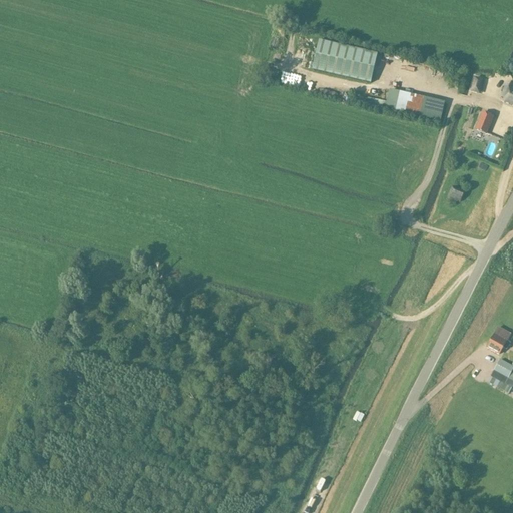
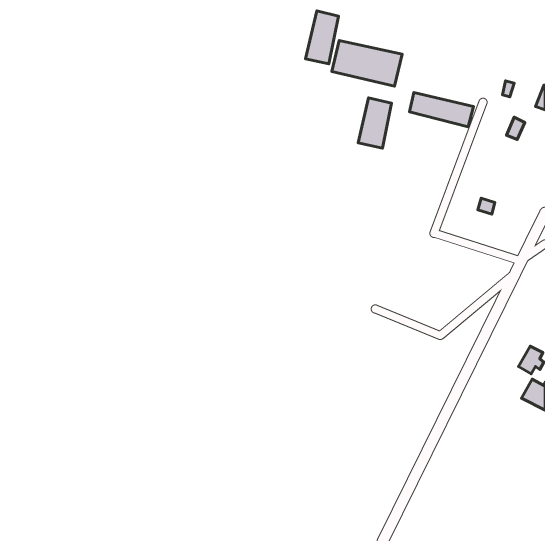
building: none -> [305,11,338,64]
building: none -> [358,98,391,148]

